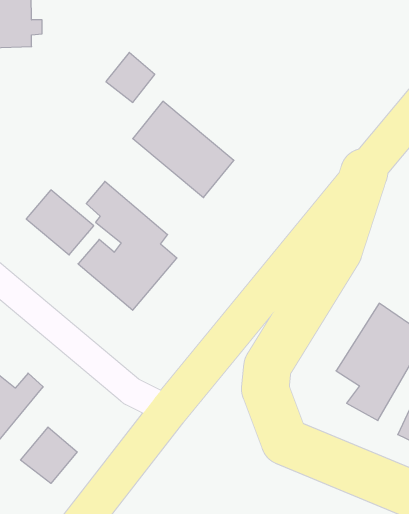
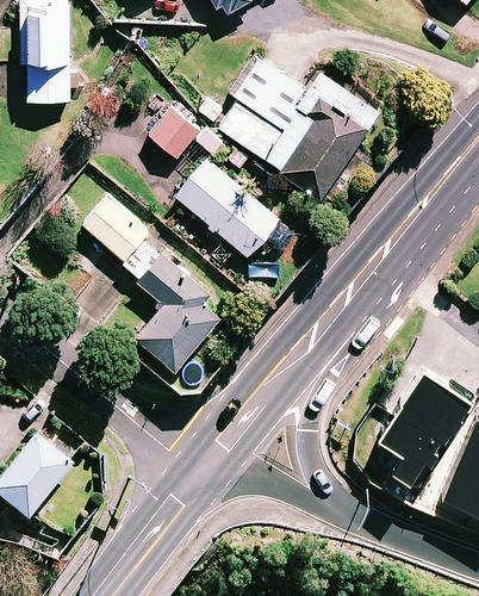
building: none -> [220,58,378,198]
building: [26,190,94,255] -> [82,195,151,262]
building: [21,427,77,483] -> none

